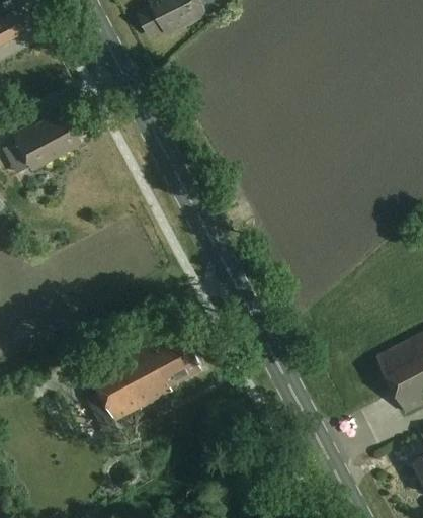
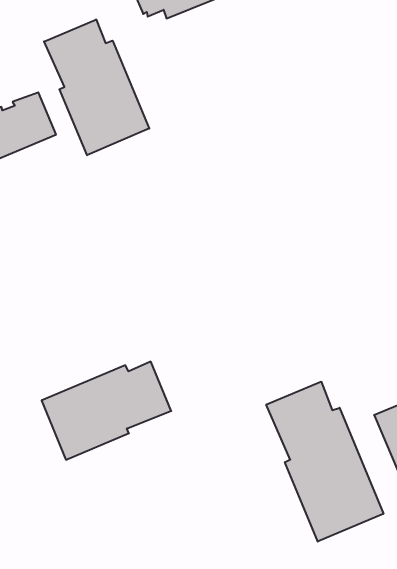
building: none -> [44,19,149,155]
building: none -> [266,382,383,542]

